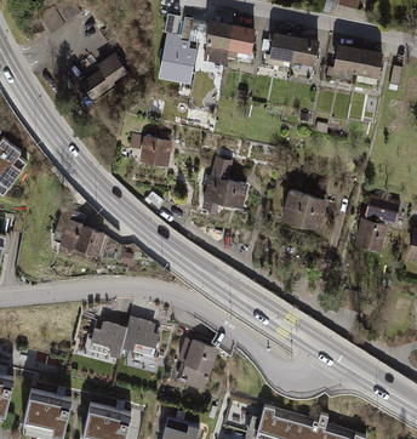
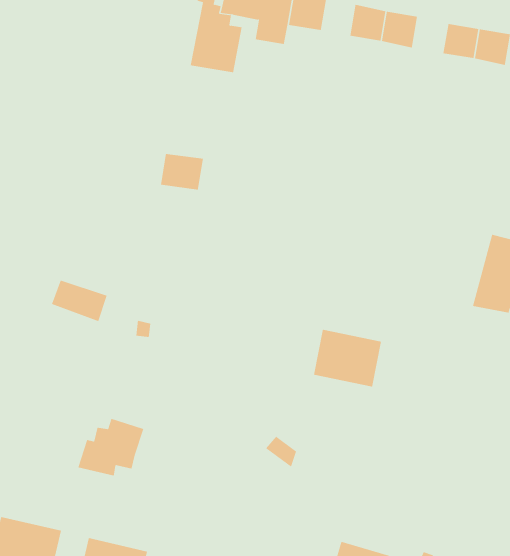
building: [84,56,125,98] -> none
building: [204,156,245,209] -> none
building: [280,190,327,230] -> [313,329,382,387]
building: [122,318,160,364] -> none
building: [179,340,216,386] -> none

